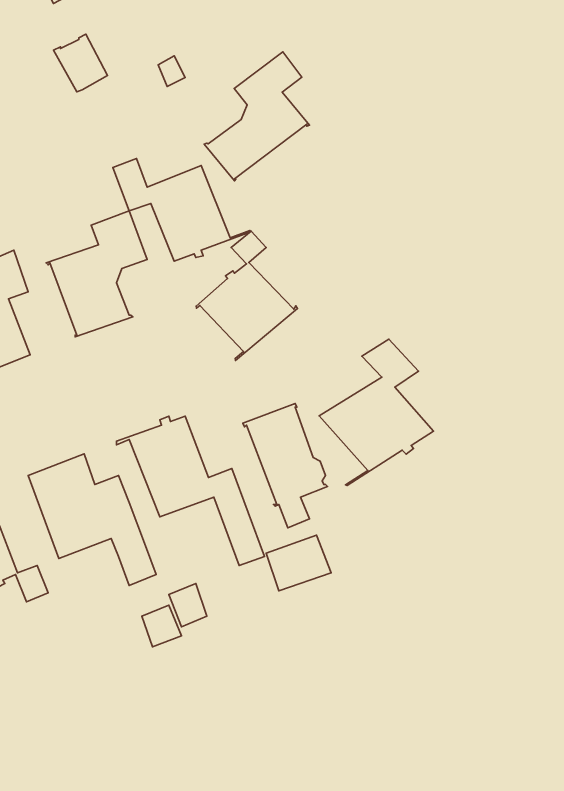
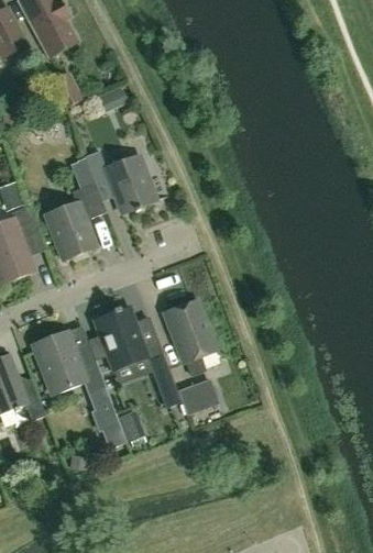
building: [204,52,310,181] -> none
building: [196,231,298,360] -> none
building: [319,339,433,486] -> none

